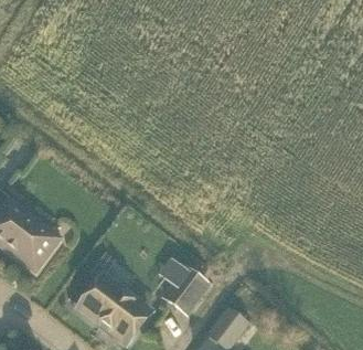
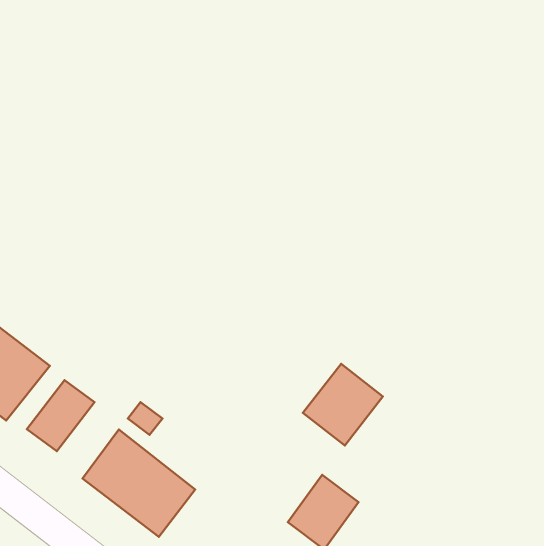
building: none -> [27,380,94,451]
building: [160,266,209,316] -> [303,364,383,446]

